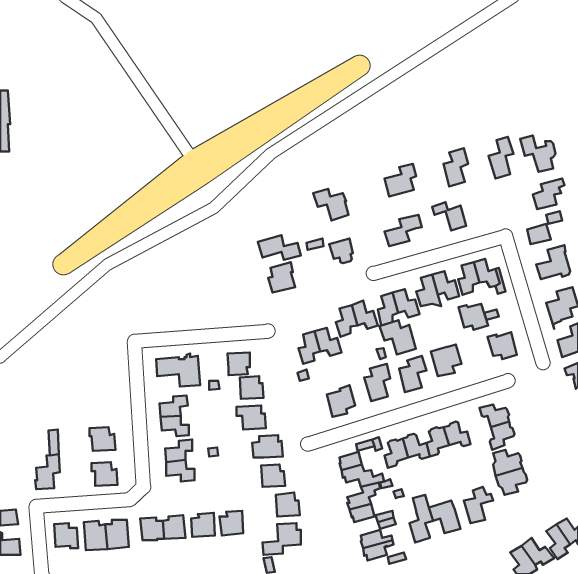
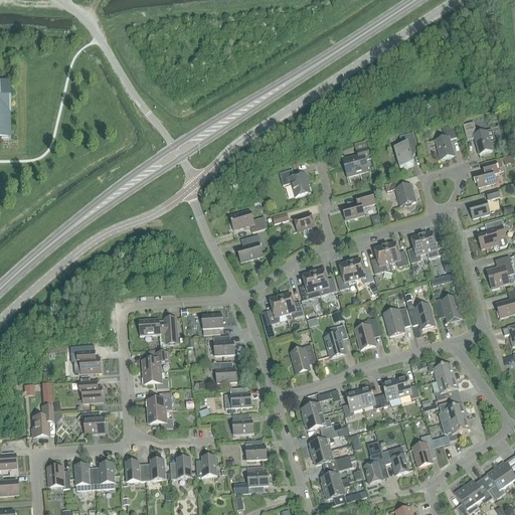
building: [459,304,488,330] -> [407,304,434,327]
building: [379,320,416,355] -> none
building: none -> [76,351,101,372]

